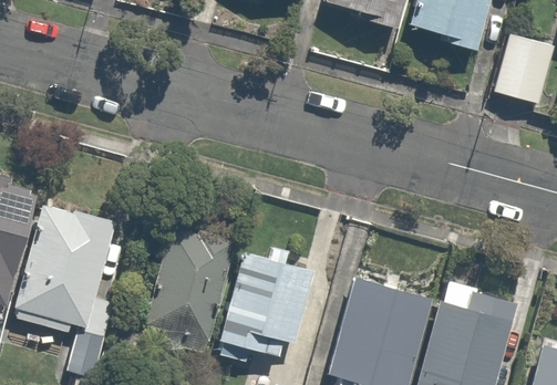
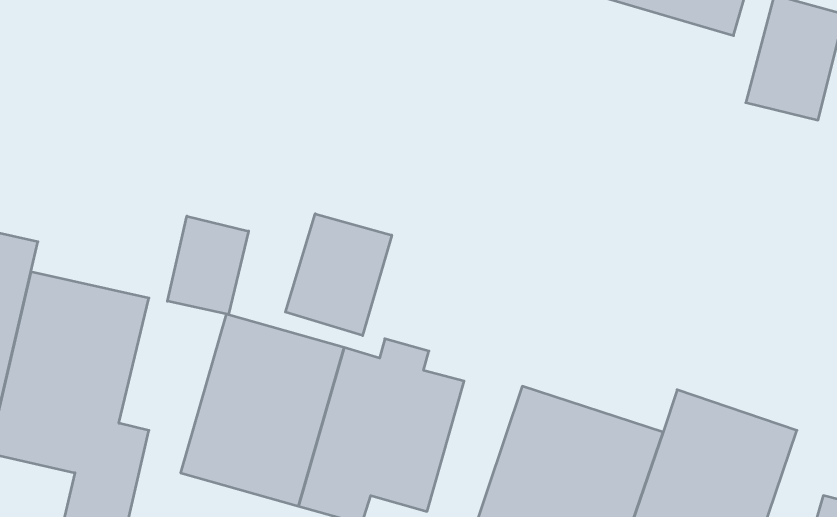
building: none -> [285,214,392,336]
building: none -> [167,216,249,314]

